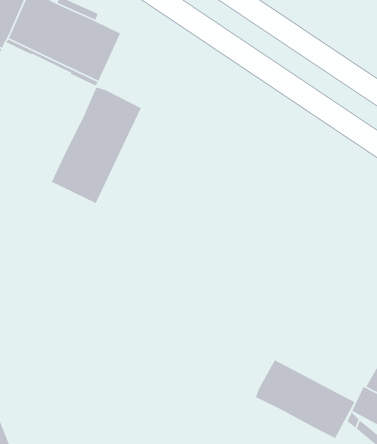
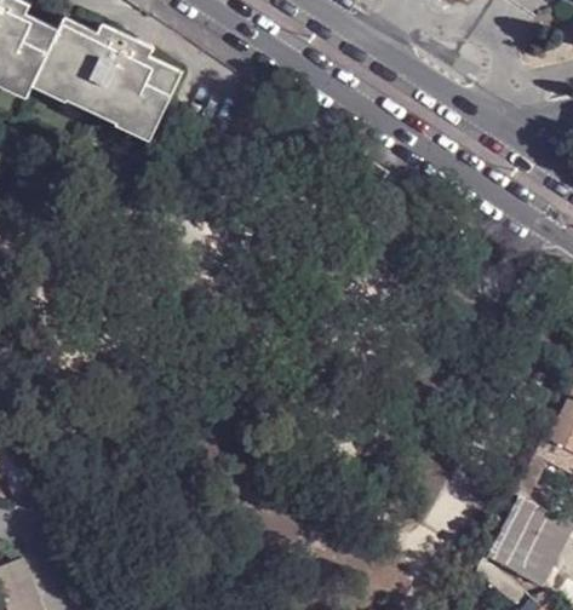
building: [51,86,142,204] -> none
building: [255,359,356,439] -> none

